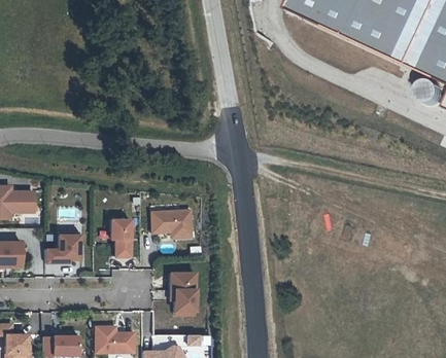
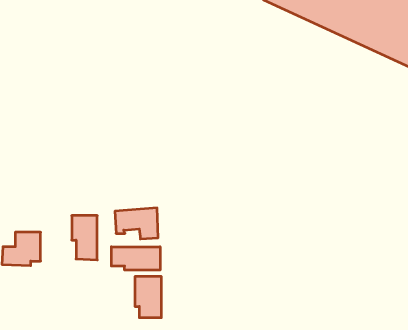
building: none -> [111,247,160,270]

